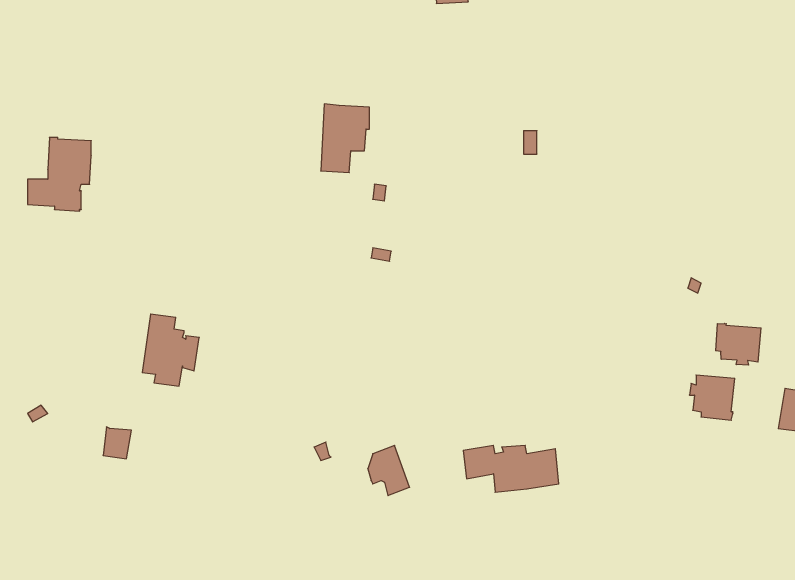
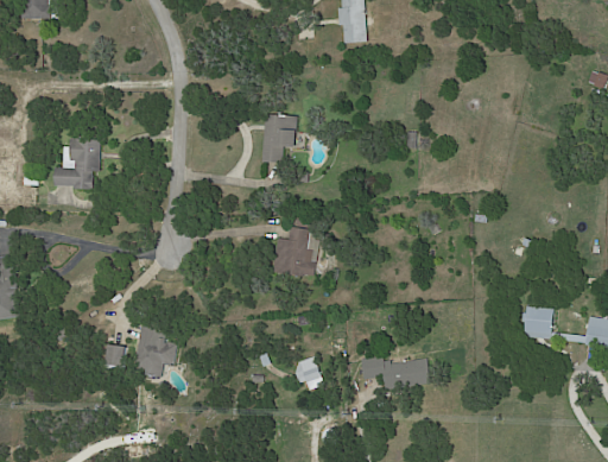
building: none -> [271,226,316,277]
building: [142,314,199,386] -> [135,325,176,376]
building: [716,323,761,365] -> none

